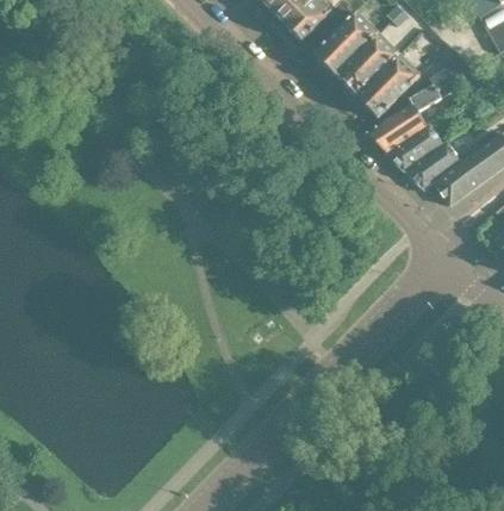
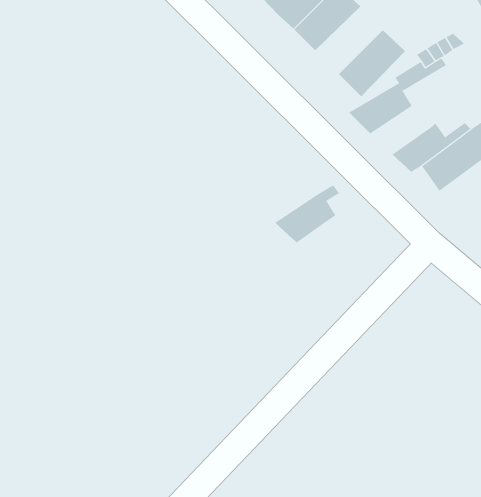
building: [336,32,399,95] -> none
building: [387,116,448,170] -> [275,184,340,243]

